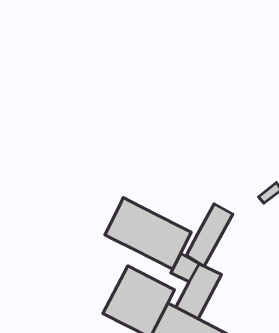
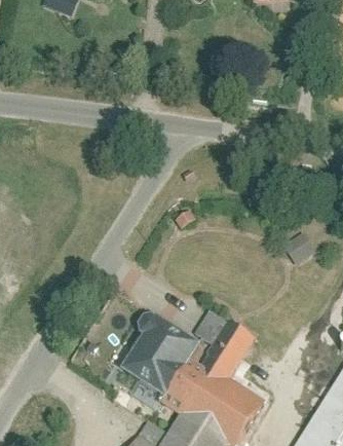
building: [105,198,191,269] -> none
building: [186,204,233,266] -> none

